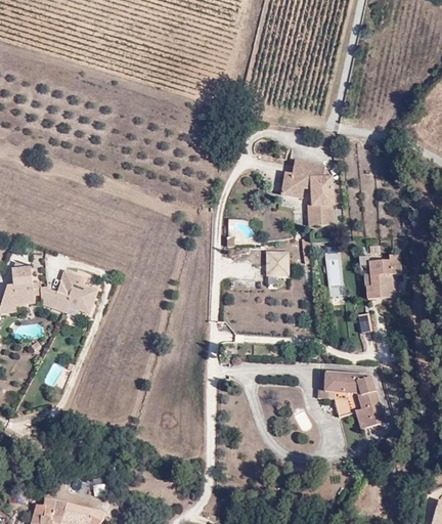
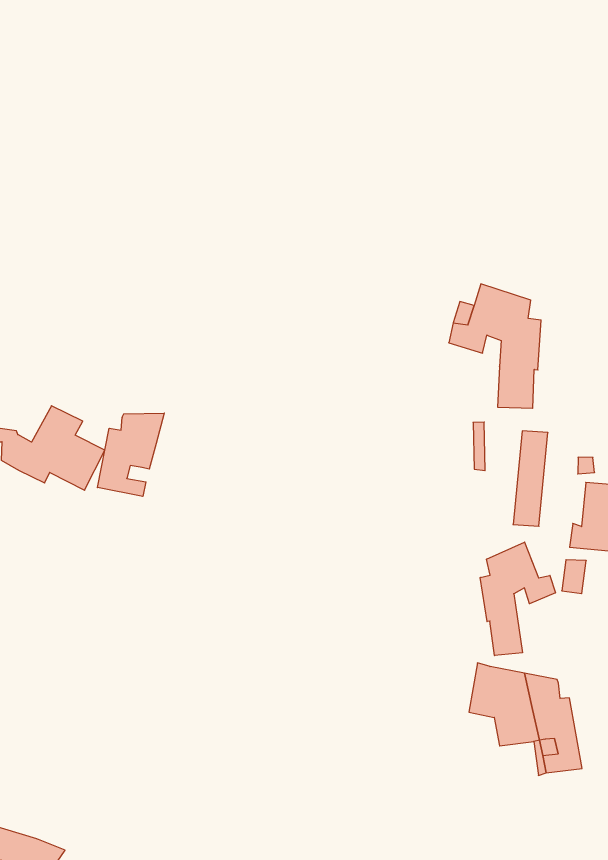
building: [266,247,290,273] -> none
building: none -> [97,413,164,496]
building: none -> [480,542,555,656]

